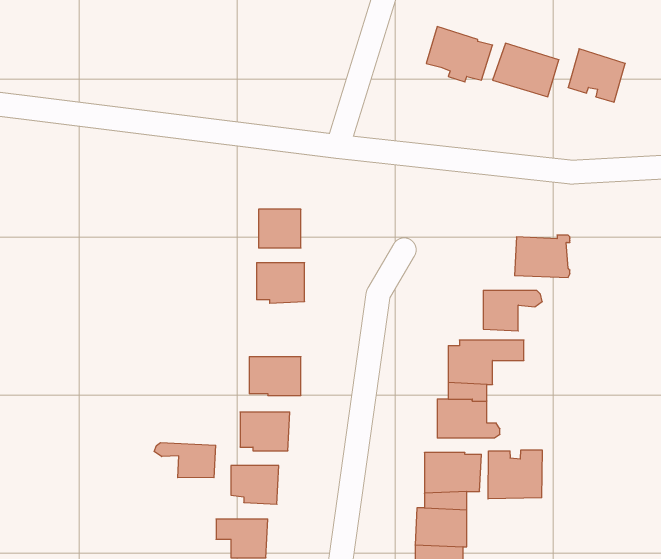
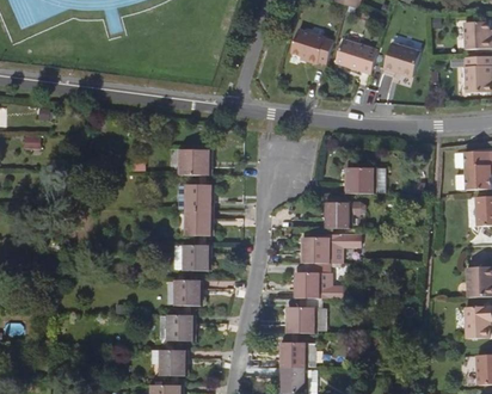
building: none -> [187,209,210,234]
building: [154,443,216,478] -> none
building: [488,450,542,499] -> none

